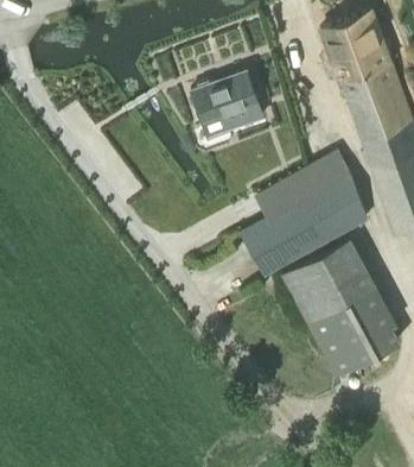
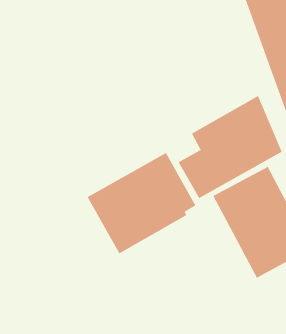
building: [193,74,263,141] -> none
building: none -> [87,152,196,254]

